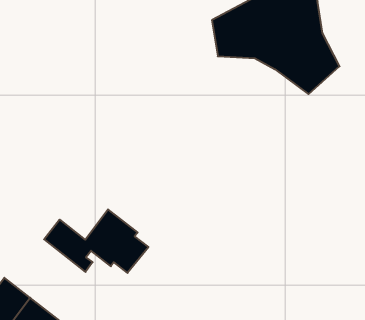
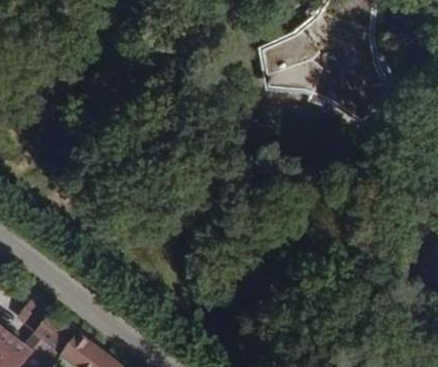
building: [44,209,148,273] -> none

